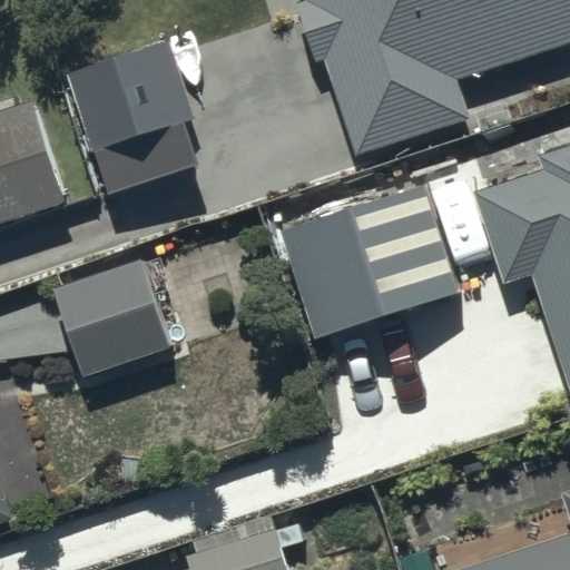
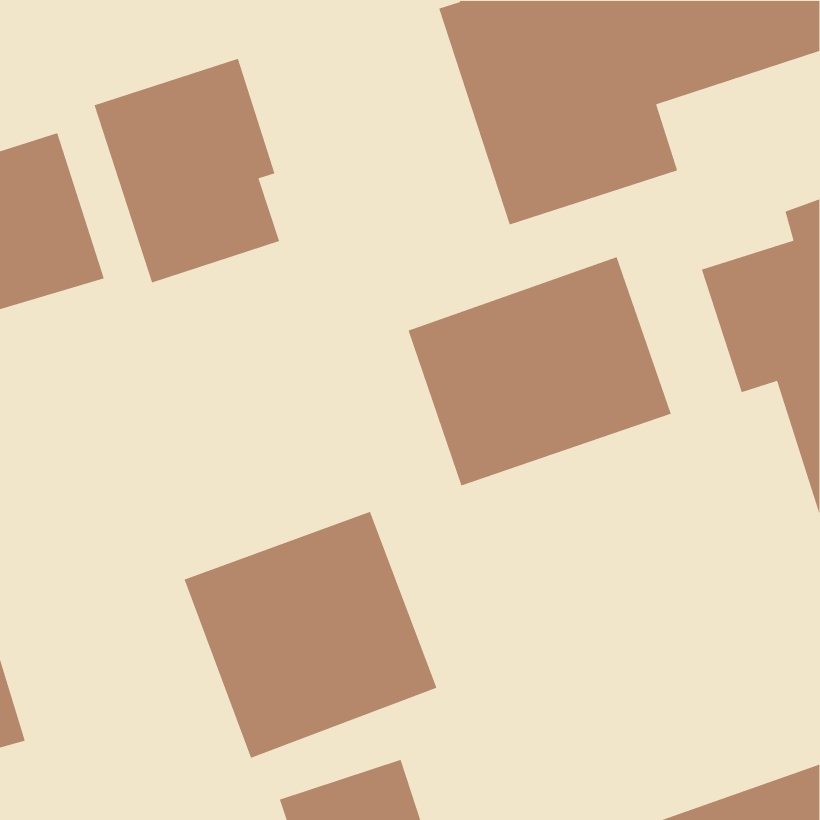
building: [56,249,177,374] -> none
building: none -> [184,511,438,759]

